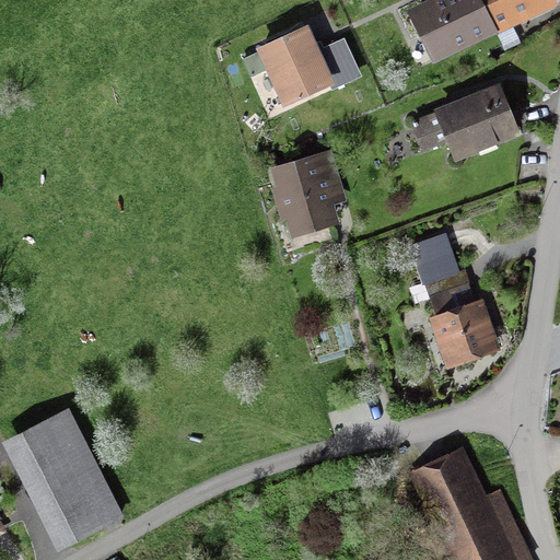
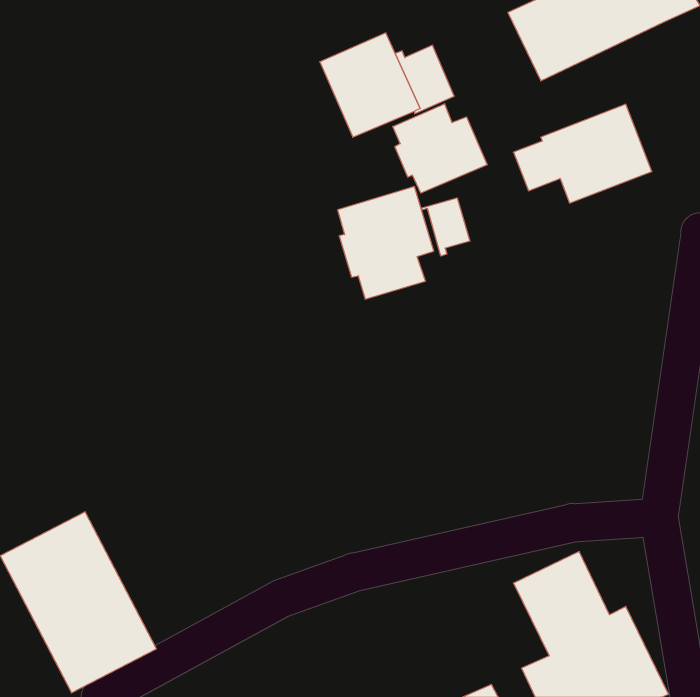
building: none -> [393,104,487,193]
building: none -> [421,198,470,256]
building: [407,232,500,369] -> none

